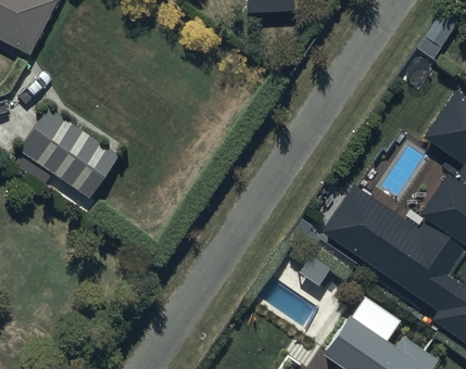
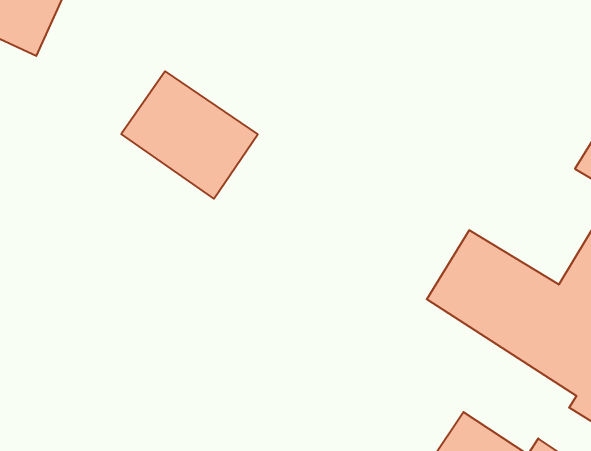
building: [17,103,118,198] -> [121,71,258,199]

